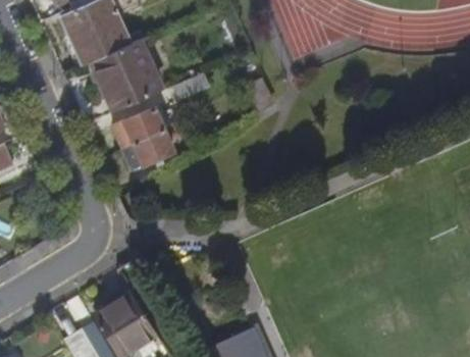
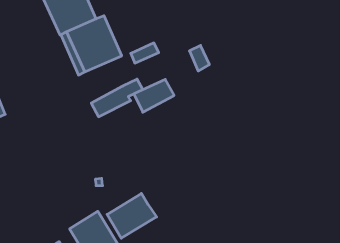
building: [112,111,163,153] -> [134,79,174,112]
building: none -> [107,193,157,238]

